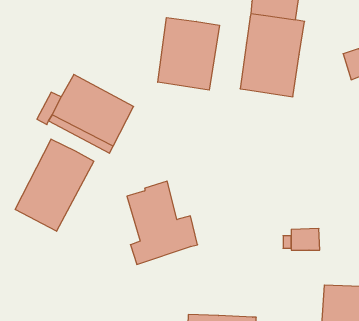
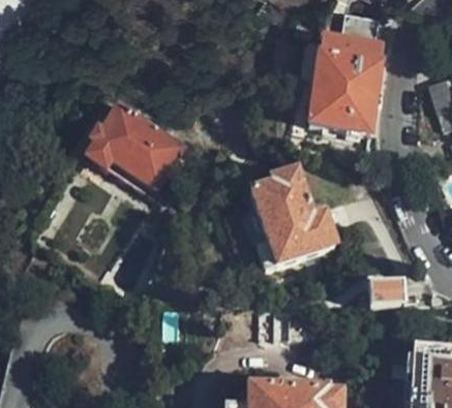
building: [158,18,219,90] -> none
building: [15,139,94,231] -> none
building: [127,181,198,264] -> [252,172,334,269]

